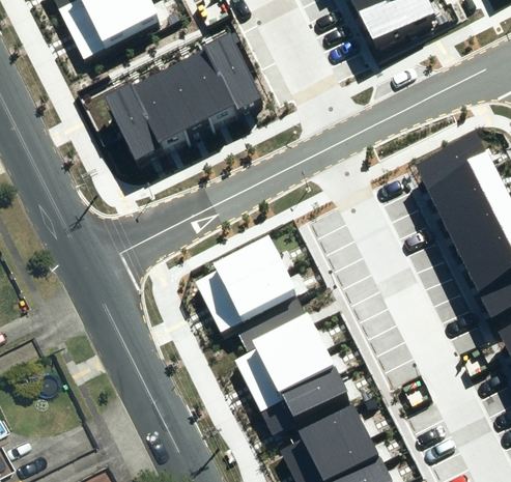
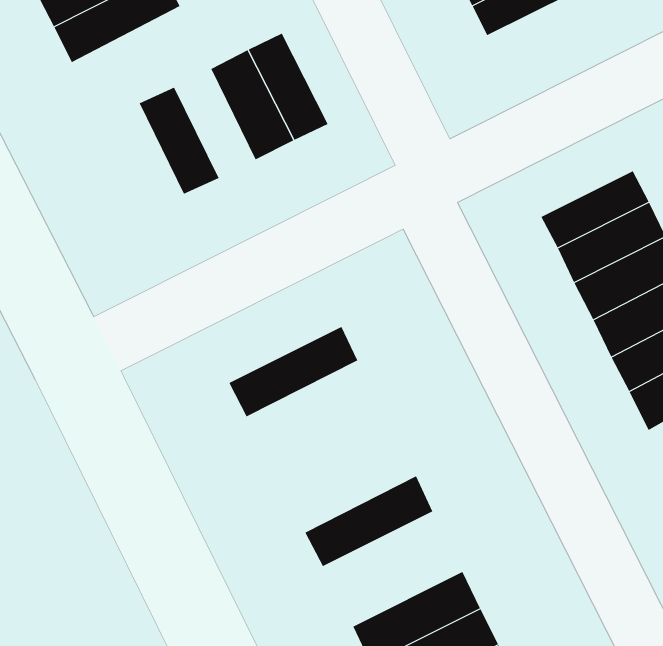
building: [158,61,214,137] -> none
building: [107,85,164,162] -> none
building: [207,263,299,329] -> none
building: [235,318,325,382] -> none
building: [260,368,352,435] -> none

